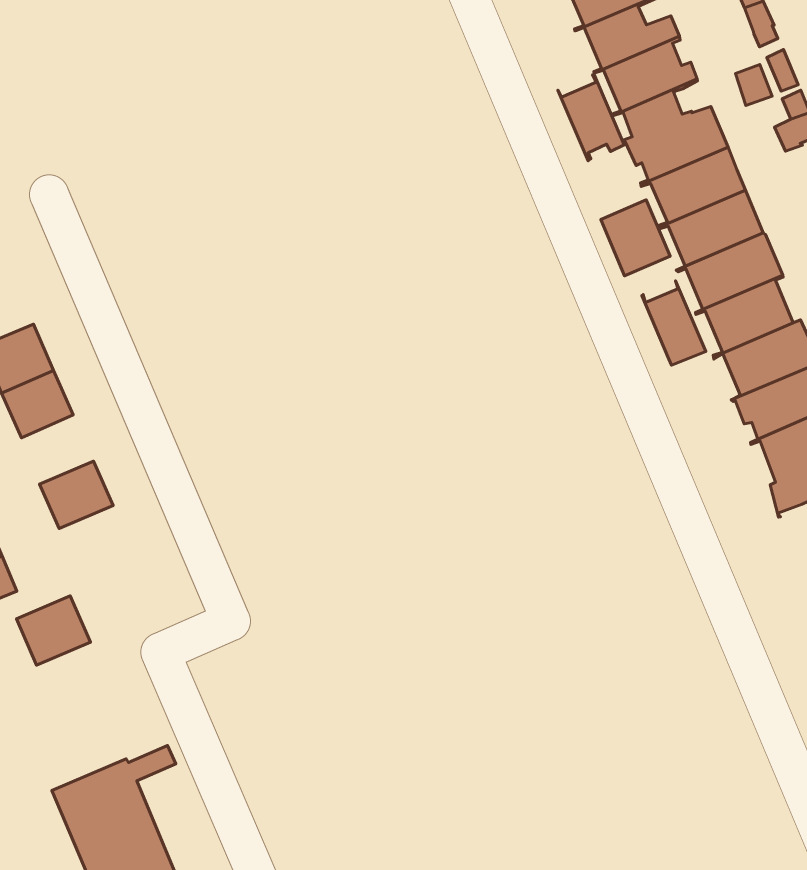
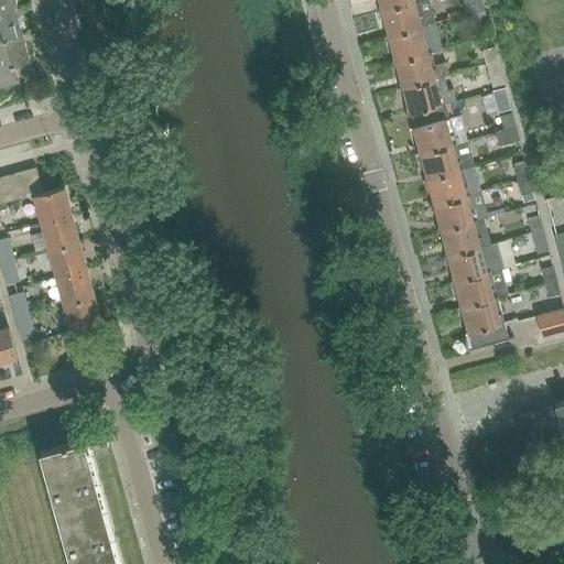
building: [558,74,624,161] -> none
building: [601,200,670,276] -> none
building: [642,281,706,365] -> none
building: none -> [47,240,86,276]
building: [17,596,90,665] -> [62,294,101,330]

